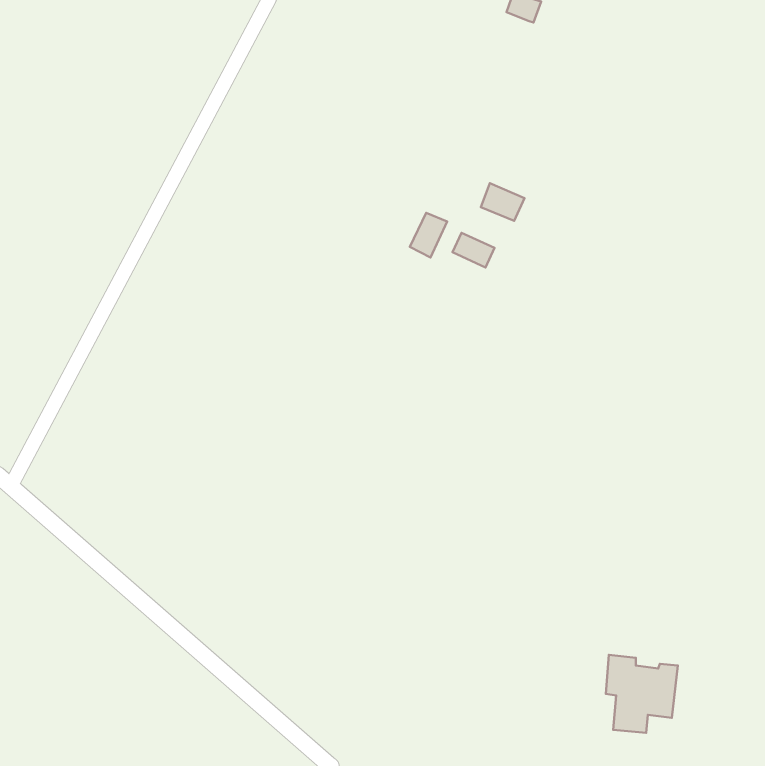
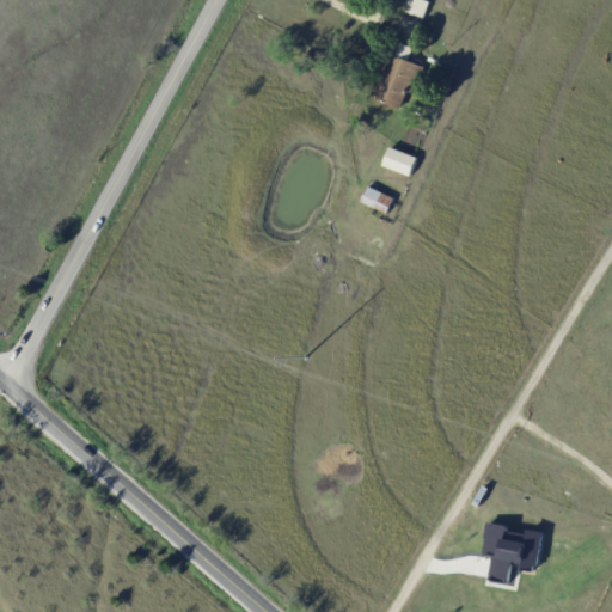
building: none -> [375,42,424,109]
building: [410,213,447,258] -> none

